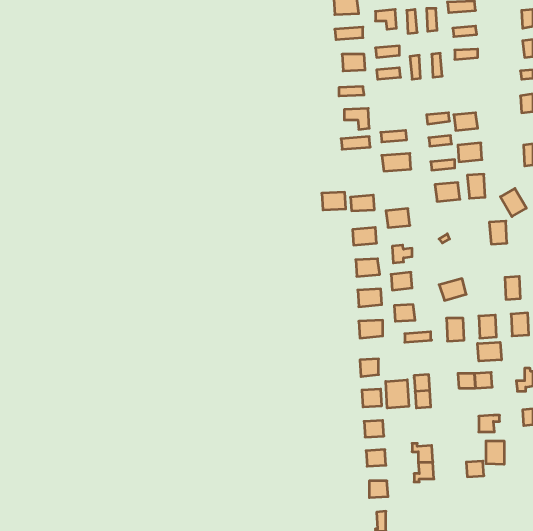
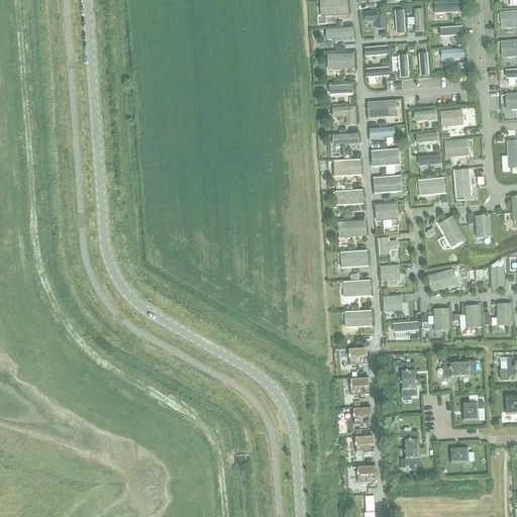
building: none -> [367,99,394,117]
building: none -> [372,175,400,192]
building: [500,188,526,217] -> [437,216,462,243]
building: [322,192,346,210] -> [337,159,360,176]
building: [478,342,501,361] -> none
building: [386,380,409,408] -> none
building: [486,441,504,464] -> none

